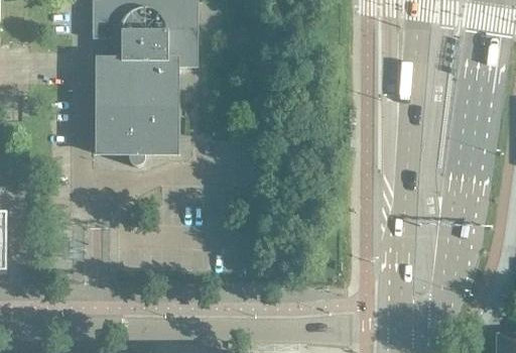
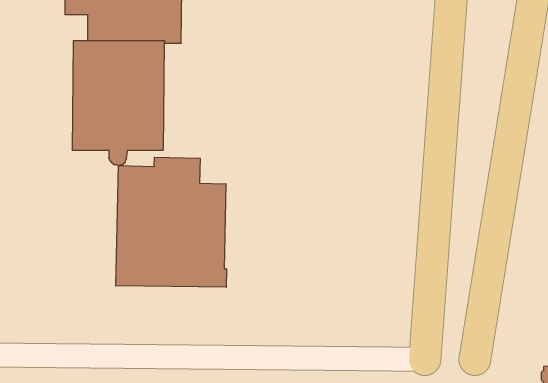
building: none -> [116,157,227,287]

